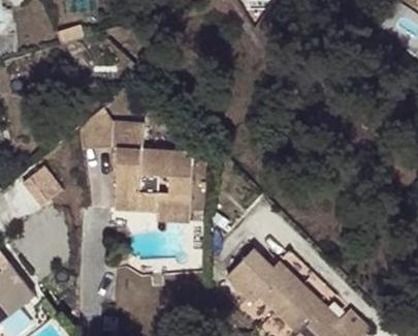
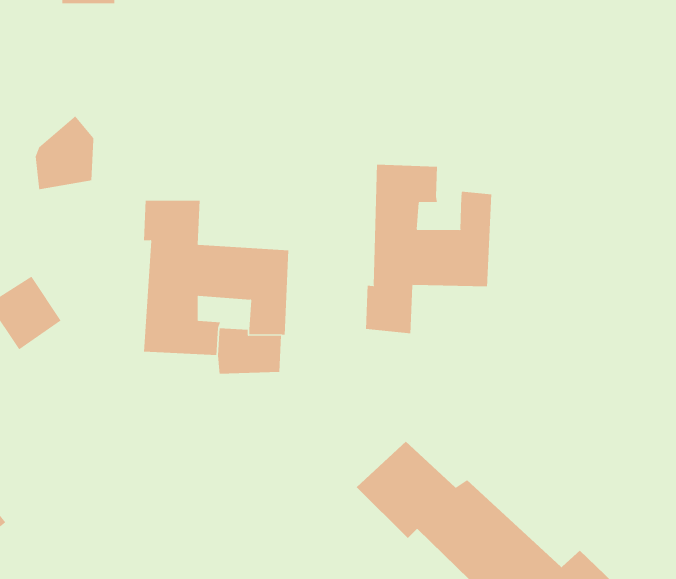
building: none -> [365,164,492,334]
building: [77,109,110,150] -> [35,116,94,190]

